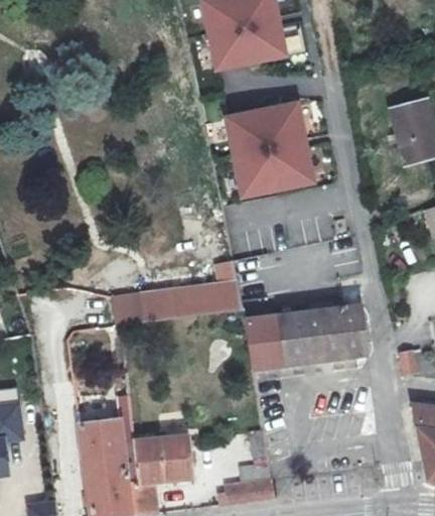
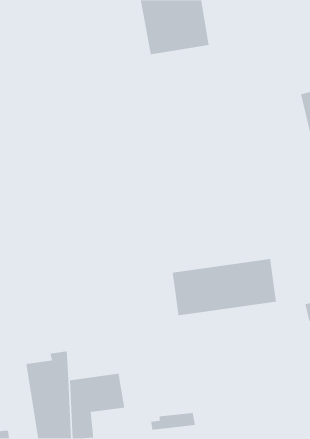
building: [227,103,311,192] -> none
building: [116,280,240,325] -> none

